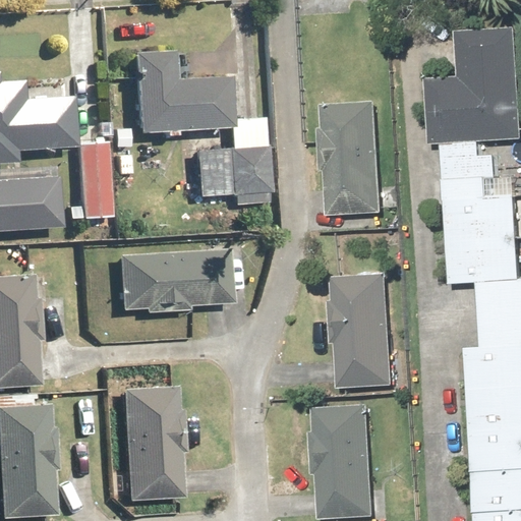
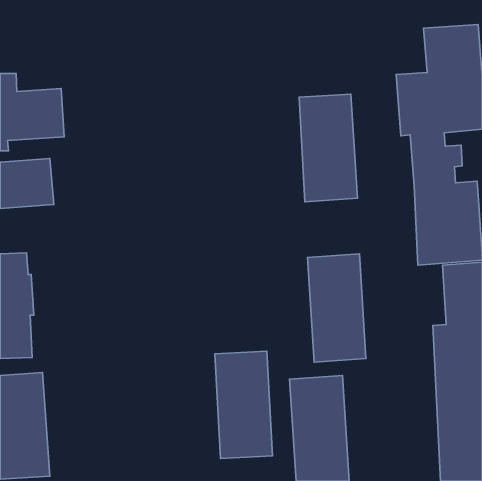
building: [127,50,227,133] -> none
building: [74,141,107,218] -> none
building: [191,146,266,204] -> none
building: [112,247,229,313] -> none
building: [117,385,179,501] -> [215,351,272,459]

